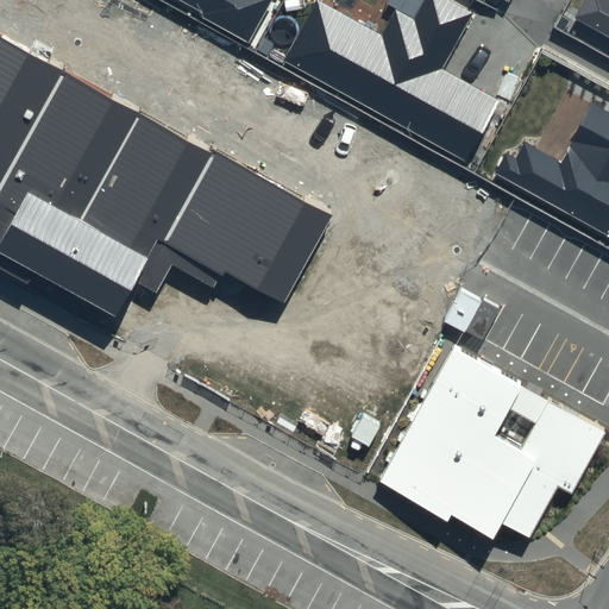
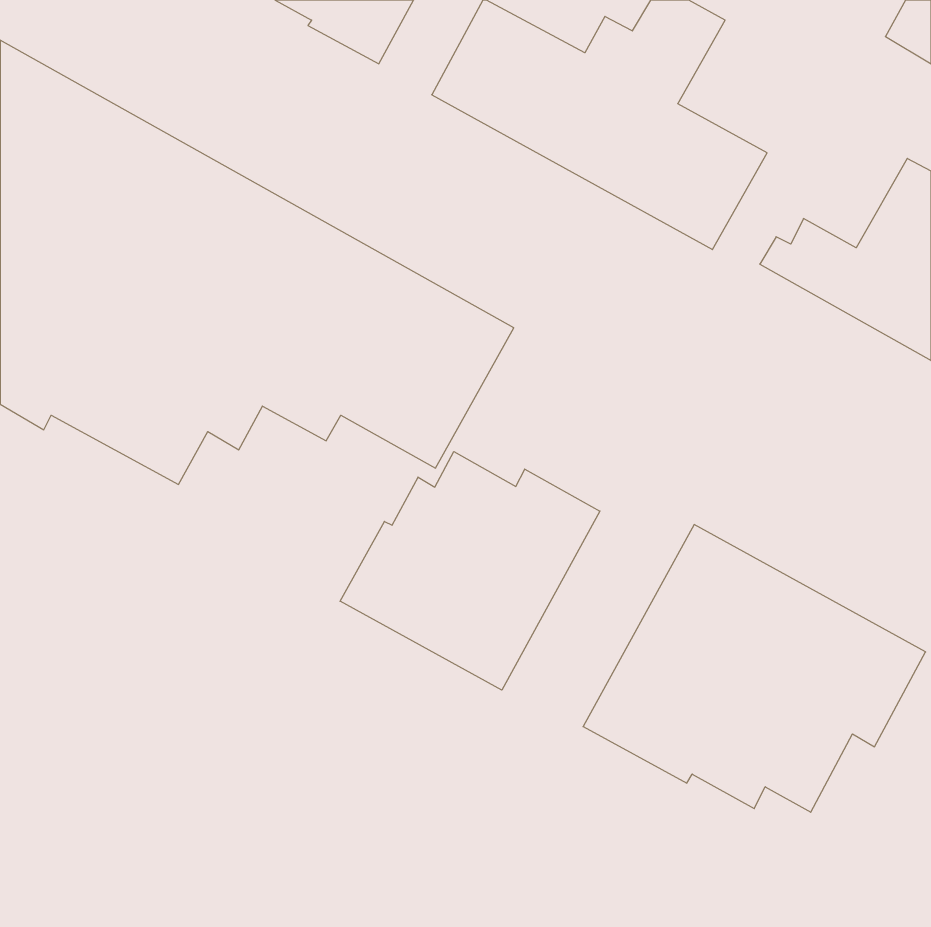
building: none -> [340,452,600,690]

